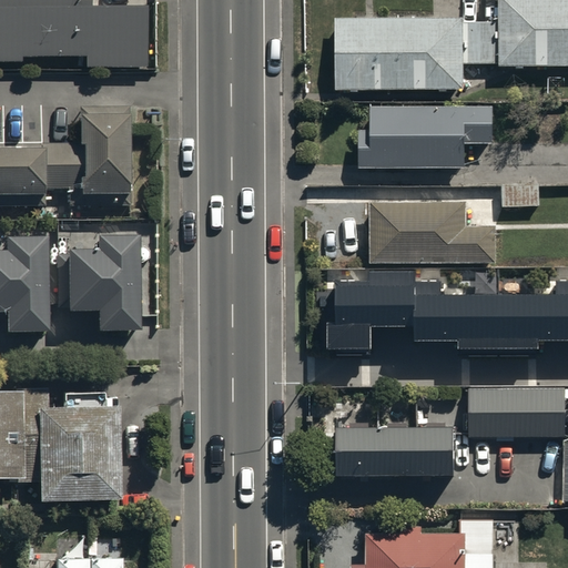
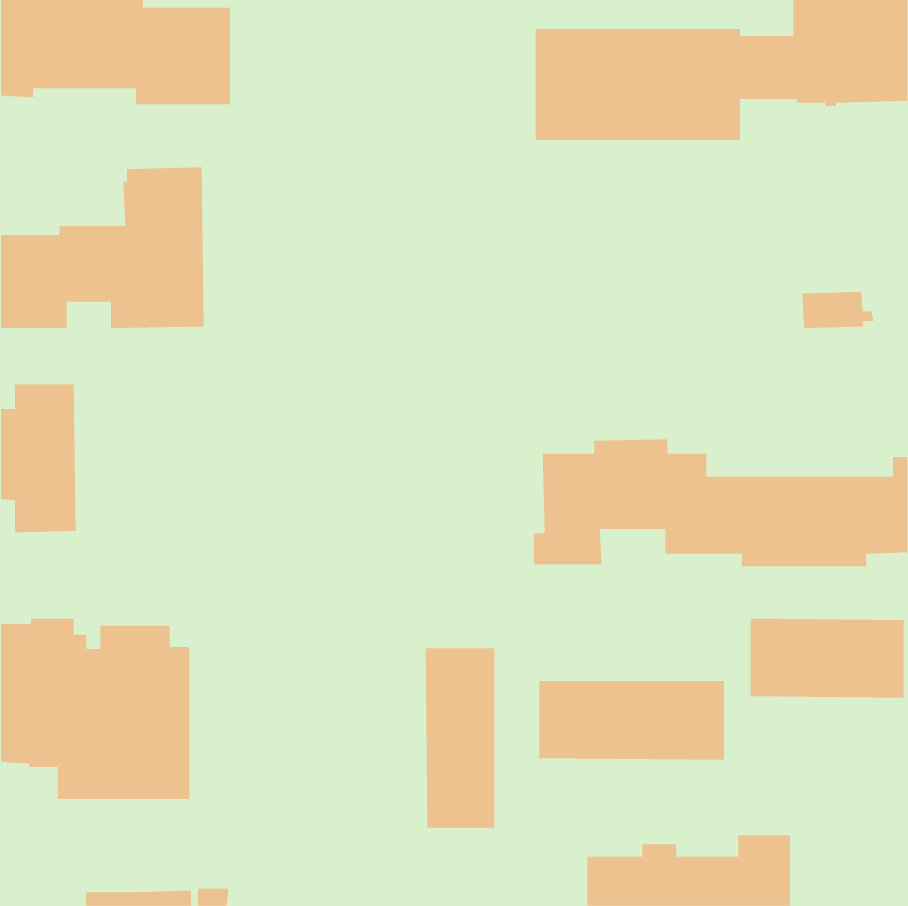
building: [356,104,491,166] -> none
building: [368,200,495,263] -> none
building: [59,239,139,332] -> none
building: none -> [425,647,495,828]

